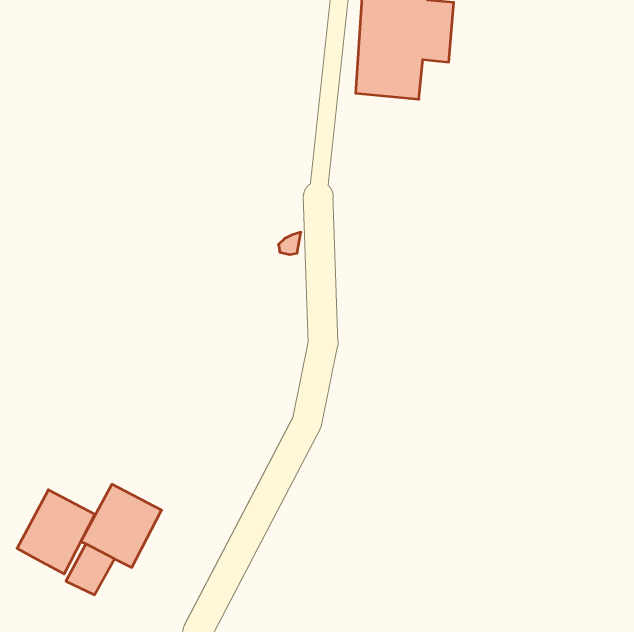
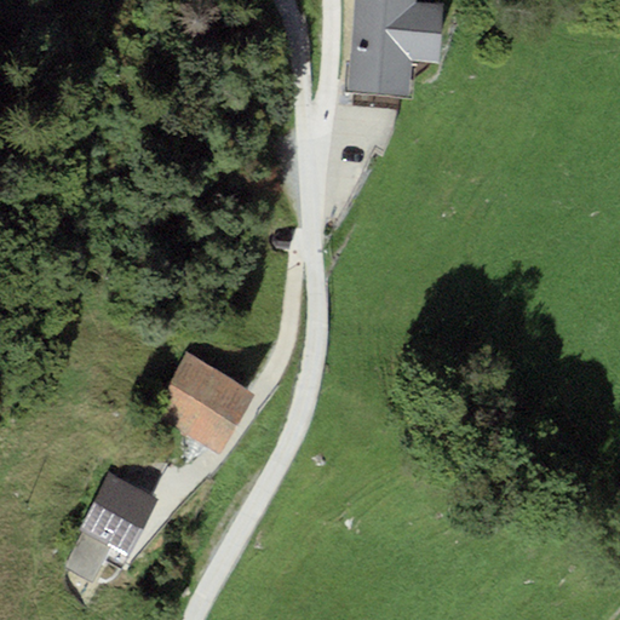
building: none -> [150,350,256,453]
building: [17,490,95,574] -> none

